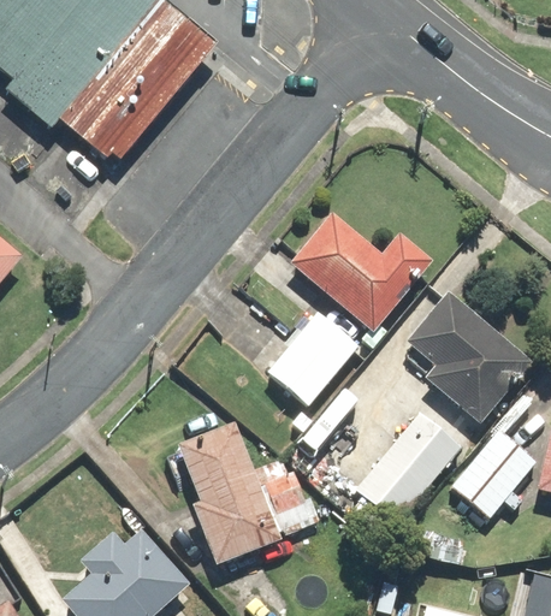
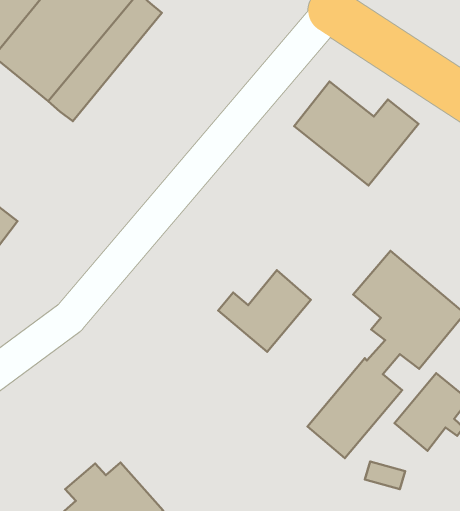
building: [88,20,219,167] -> none
building: [291,211,432,328] -> [294,81,419,186]
building: [177,421,279,562] -> none

